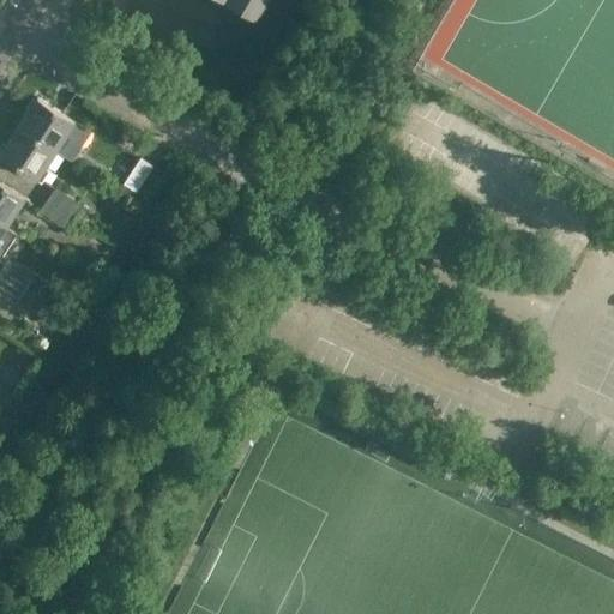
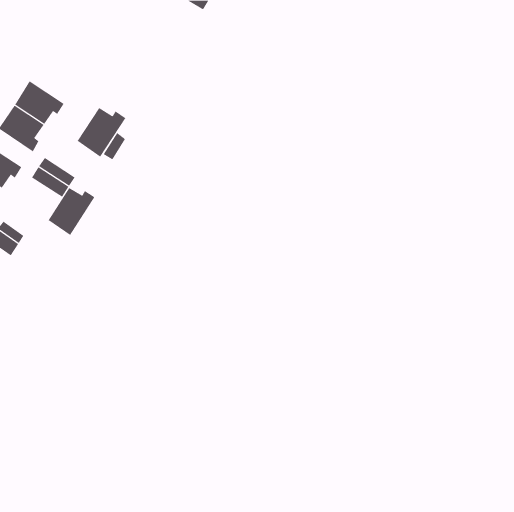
building: none -> [77,107,126,157]
building: none -> [48,187,95,236]

